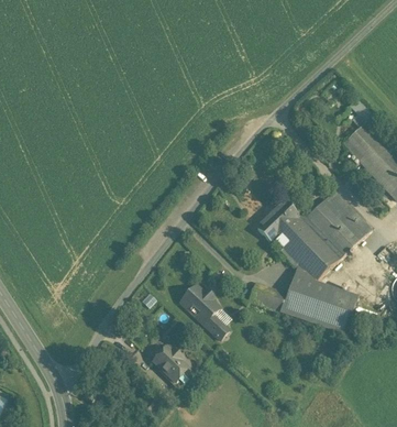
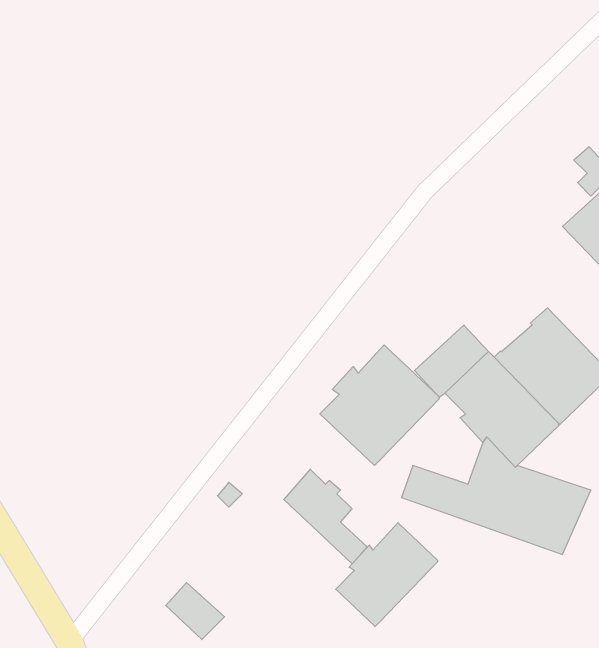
building: none -> [320,345,439,465]
building: none -> [336,523,437,627]
building: [153,347,187,380] -> [166,583,225,640]

